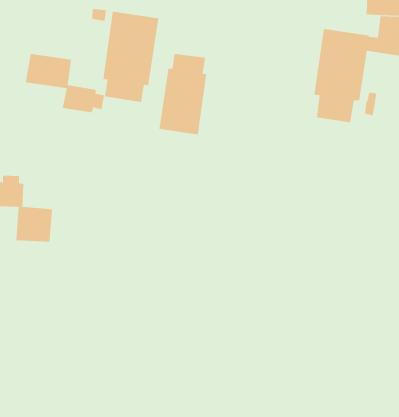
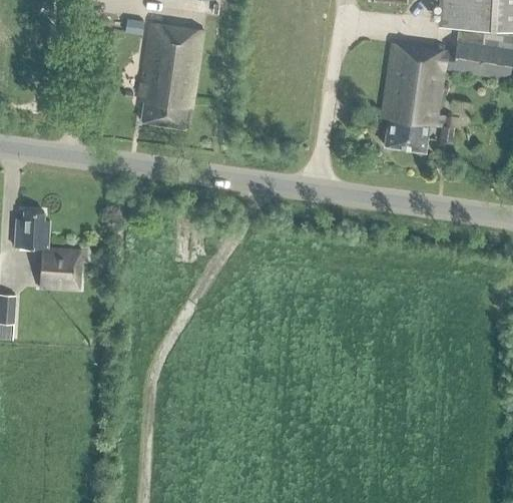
building: [159,53,207,135] -> none
building: [25,53,105,113] -> none

